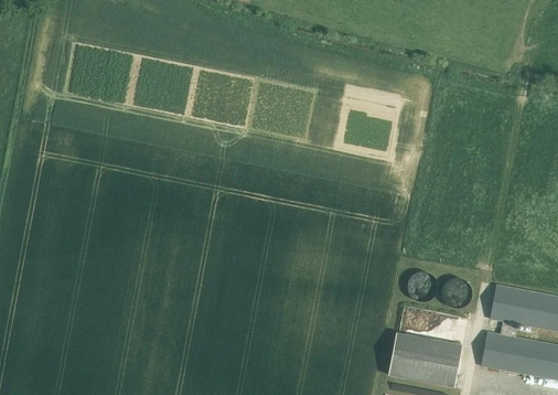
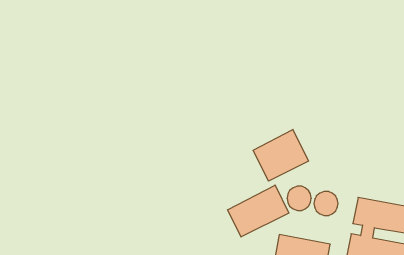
building: none -> [253,129,309,181]
building: none -> [228,185,289,237]

